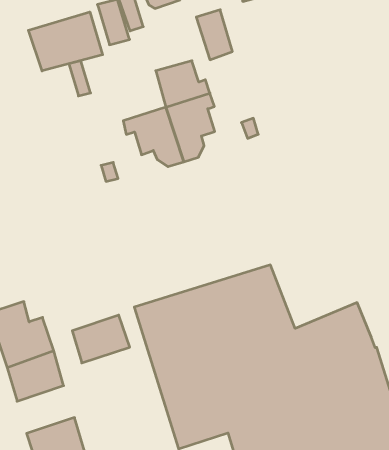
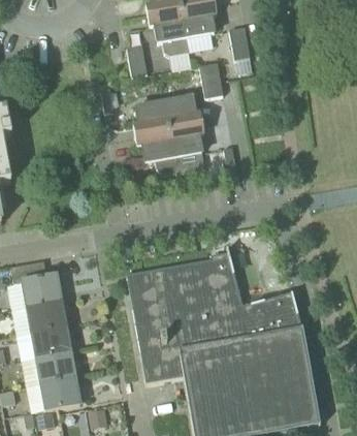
building: [28,12,103,71] -> none
building: none -> [133,98,168,132]
building: [72,315,130,363] -> [30,323,71,355]

